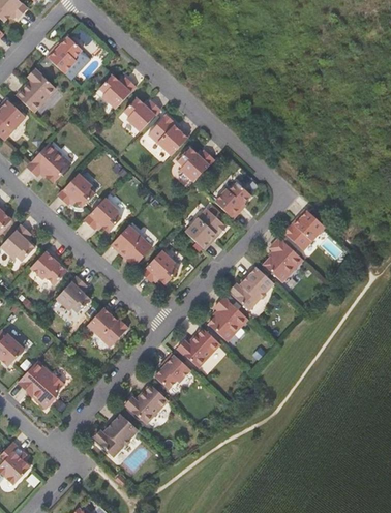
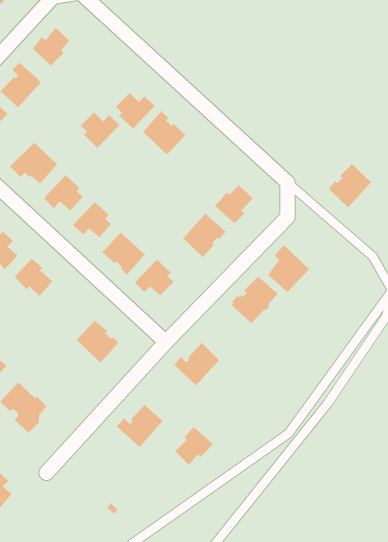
building: [98,74,136,109] -> [79,112,120,149]
building: [177,148,213,181] -> none
building: [283,209,324,250] -> [328,163,372,208]
building: [56,275,90,312] -> none
building: [208,297,247,341] -> none
building: [154,353,190,389] -> [174,426,214,466]
building: [93,413,137,456] -> none

